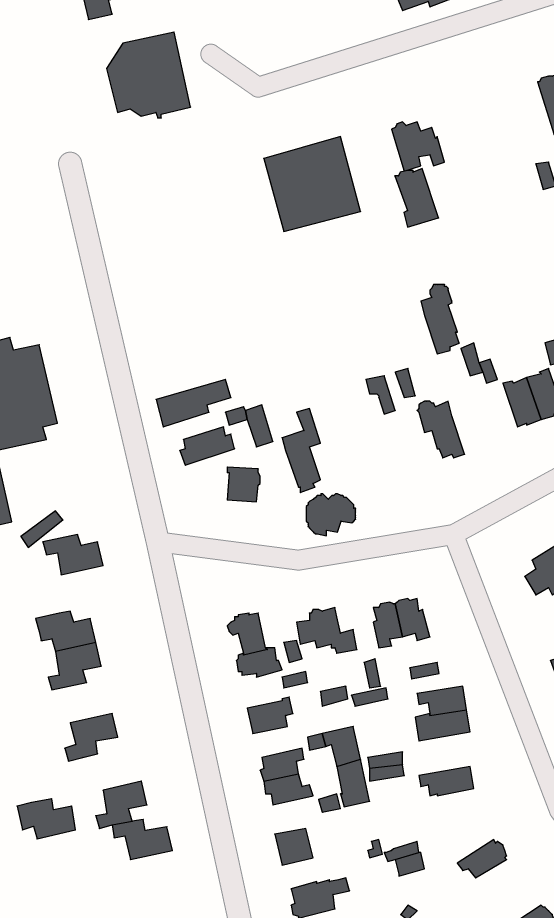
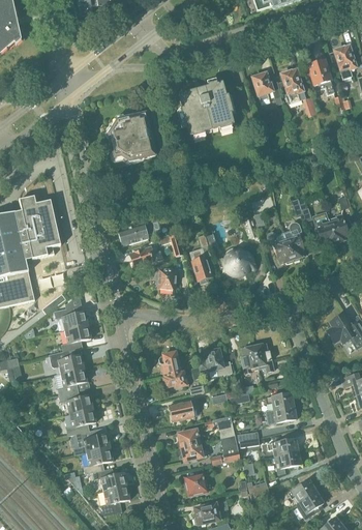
building: [107,32,191,118] -> [108,112,155,160]
building: none -> [307,59,334,93]
building: [395,169,439,227] -> [280,69,305,102]
building: [421,285,459,354] -> [283,222,305,261]
building: [306,494,356,536] -> [225,249,253,273]
building: none -> [61,324,91,351]
building: none -> [59,390,93,413]
building: none -> [273,450,301,474]
building: [17,799,75,839] -> [77,429,110,451]
building: none -> [101,485,130,514]
building: none -> [296,491,324,519]

